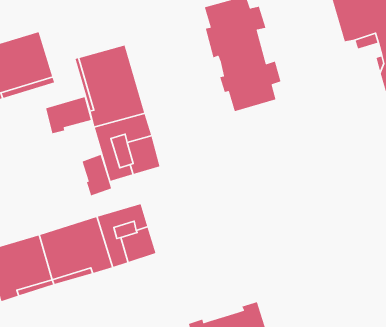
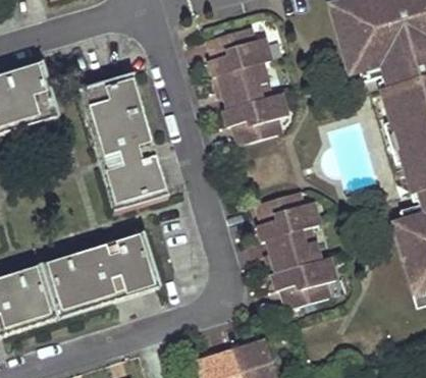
building: [45,96,92,134] -> none
building: [81,154,112,197] -> none
building: none -> [257,188,335,306]

